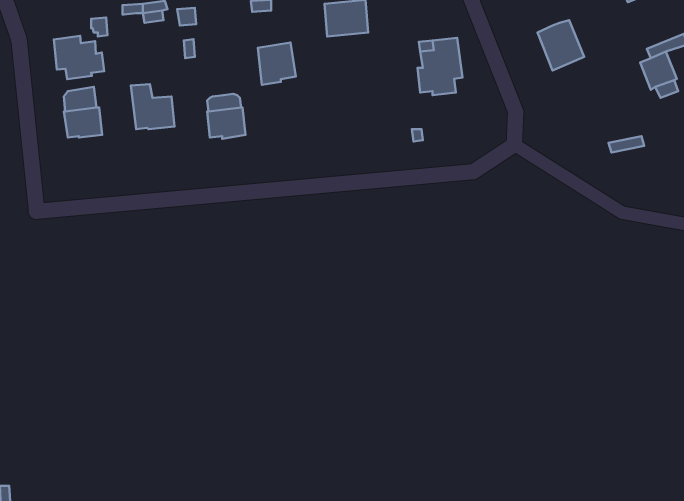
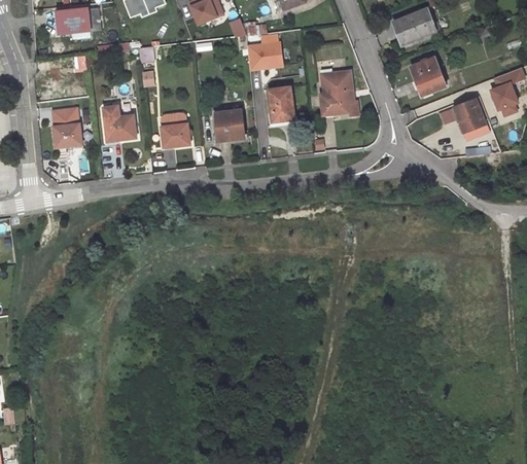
building: [54,36,104,79] -> none
building: [258,42,296,85] -> [215,108,244,140]
building: none -> [268,86,293,120]
building: none -> [454,98,488,139]

